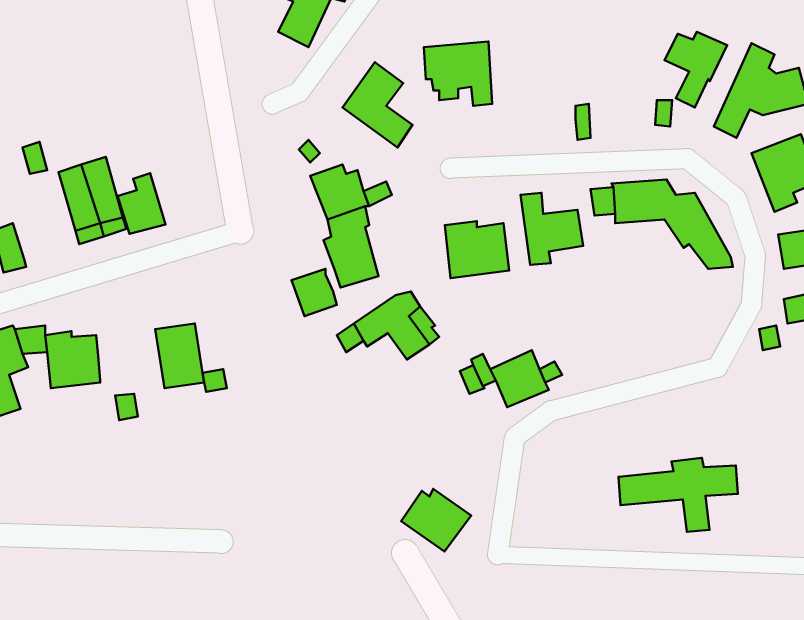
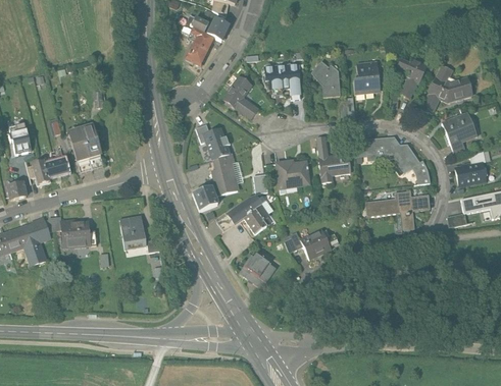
building: none -> [311,61,340,96]
building: none -> [354,61,380,93]
building: [118,173,165,234] -> [43,147,68,179]
building: [618,458,738,532] -> [365,190,430,230]
building: [401,489,471,551] -> [239,255,277,288]

